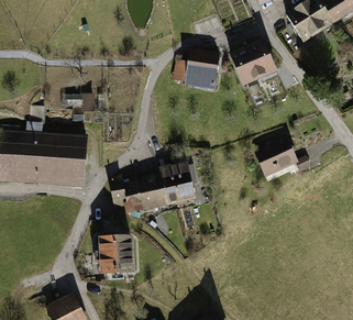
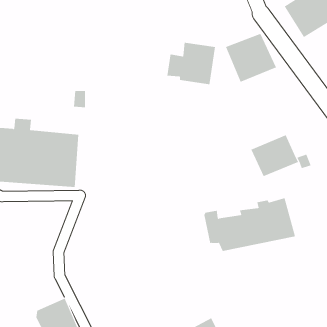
building: [108,162,196,213] -> [204,197,296,252]
building: [97,235,134,275] -> none

